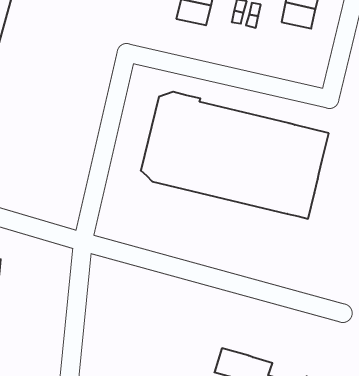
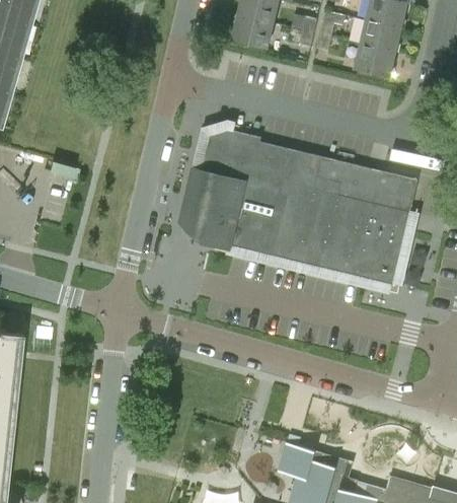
building: none -> [354,44,396,76]

